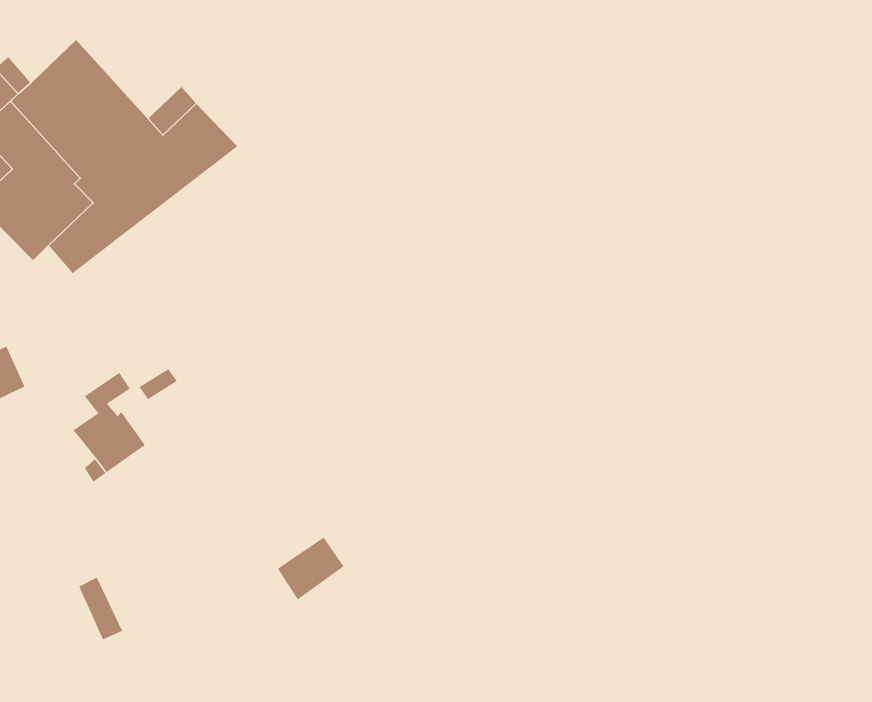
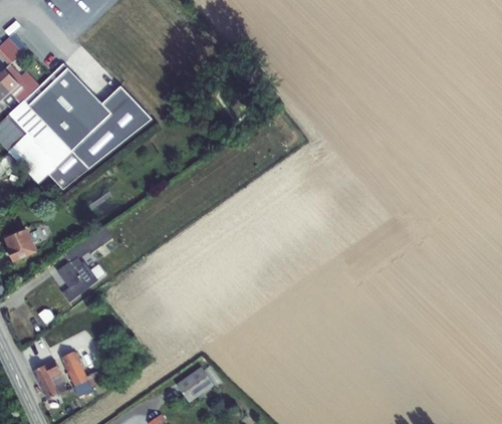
building: [277,537,344,600] -> [176,368,212,402]
building: none -> [35,360,69,397]

